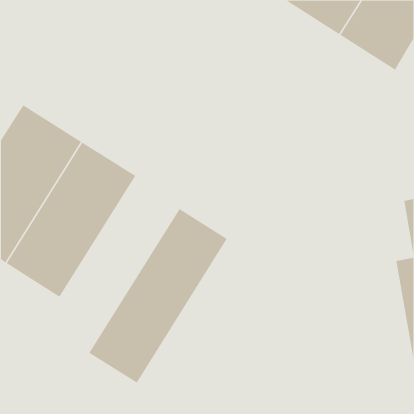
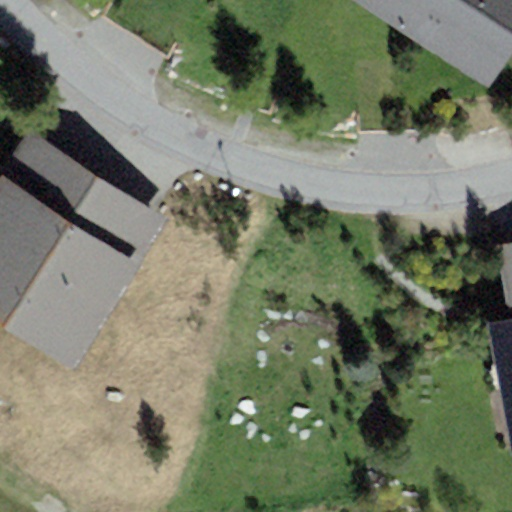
building: [89,208,228,383] -> none

